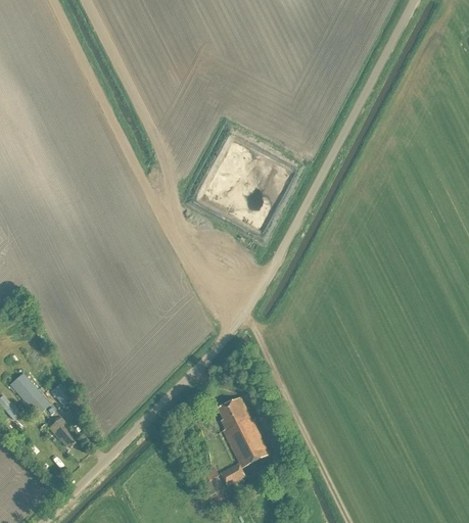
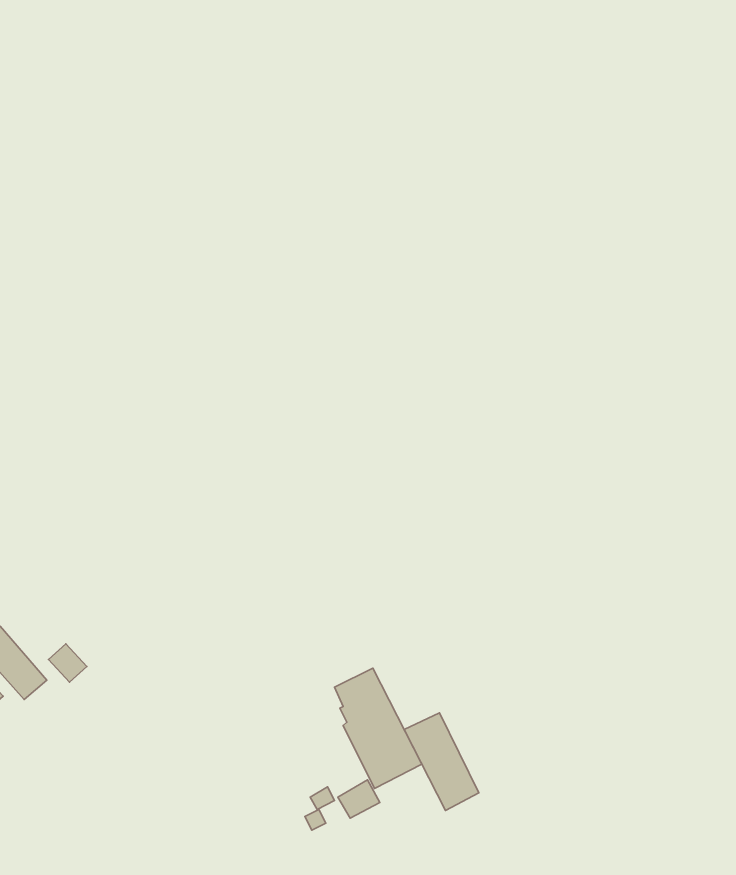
building: [47,417,76,446] -> none
building: none -> [404,713,479,810]

